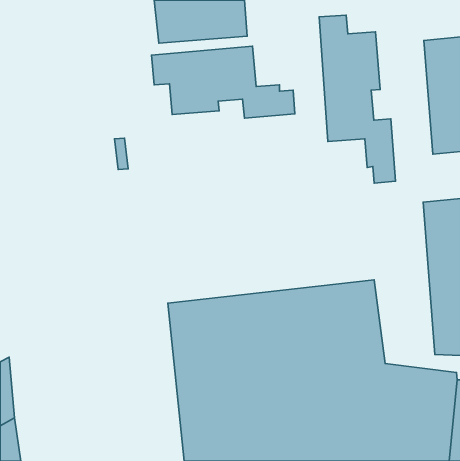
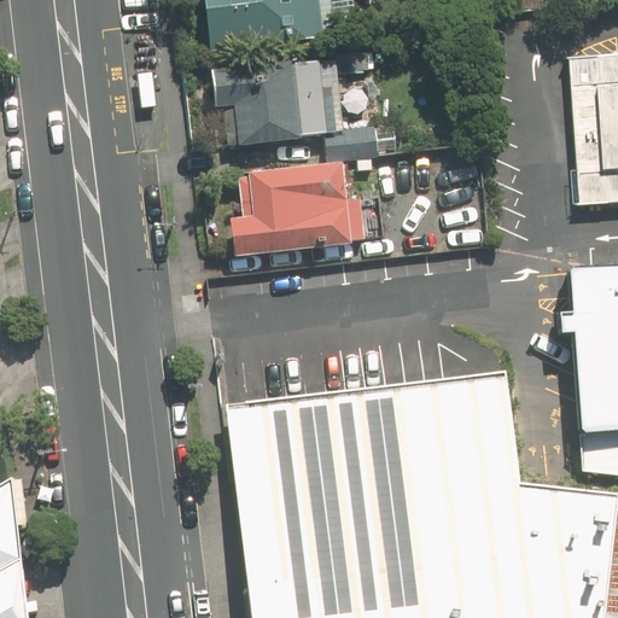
building: [319,15,395,183] -> none
building: none -> [225,164,366,253]

